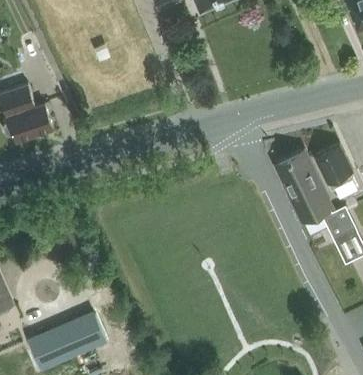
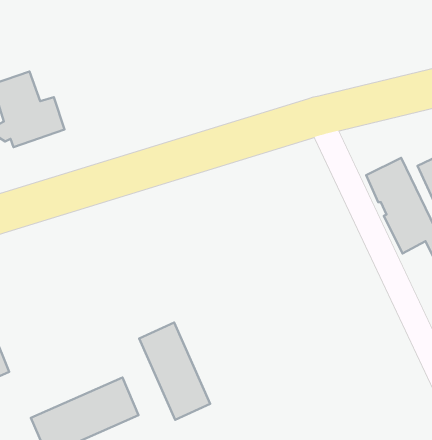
building: none -> [139,323,210,420]

